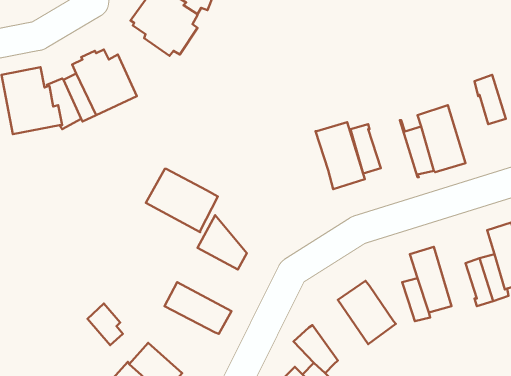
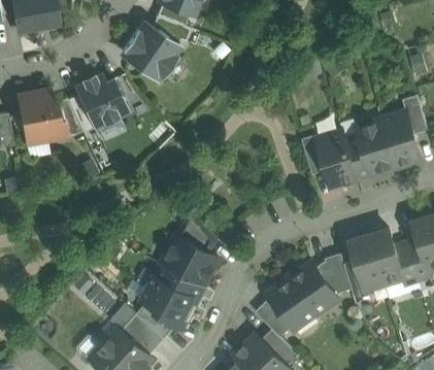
building: none -> [380,112,421,168]
building: [316,122,365,189] -> [315,133,356,188]
building: [146,169,218,232] -> [160,237,219,289]
building: none -> [369,230,404,284]
building: none -> [316,255,352,297]
building: none -> [267,279,315,331]
building: none -> [140,284,191,332]

